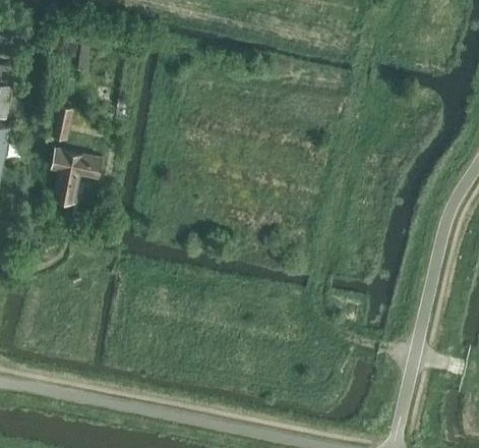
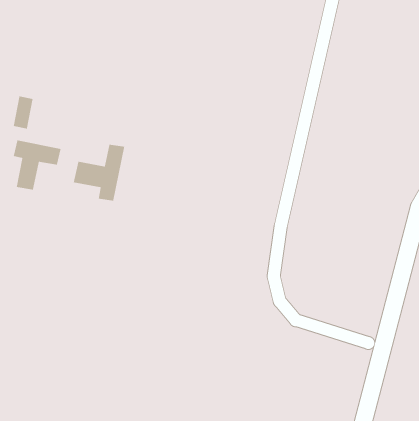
building: none -> [73,144,125,202]

